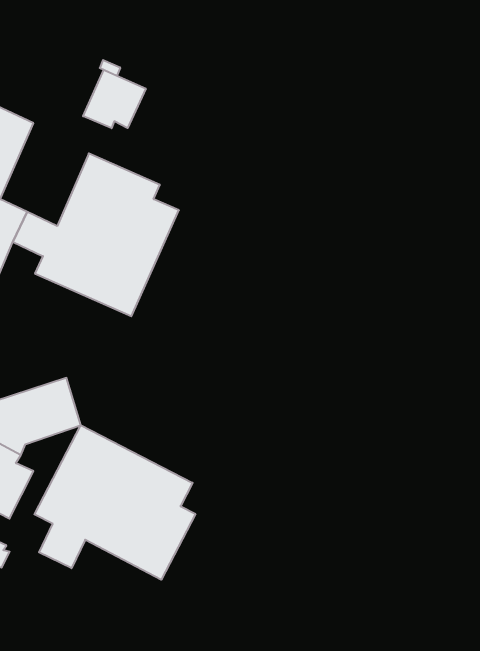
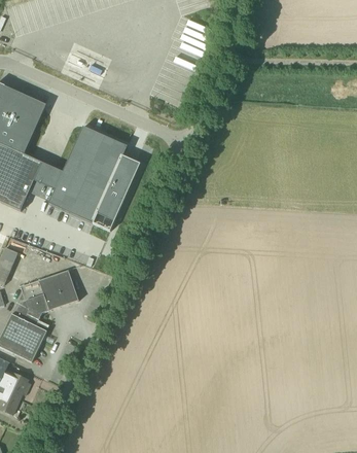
building: [83,70,146,128] -> none
building: [34,425,195,580] -> none

